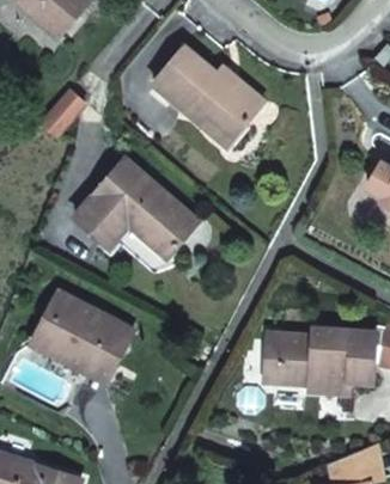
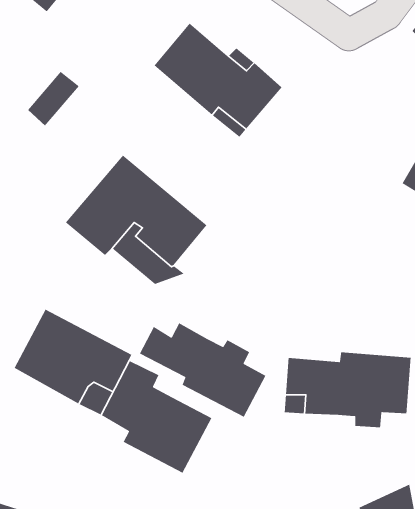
building: none -> [139,322,267,418]
building: none -> [101,360,213,474]

